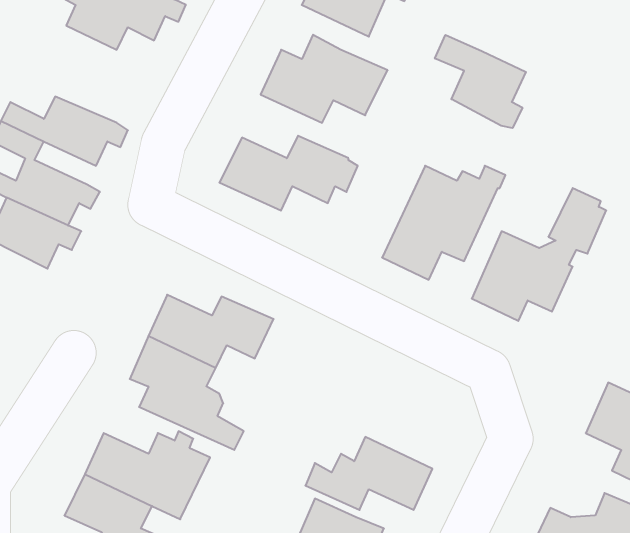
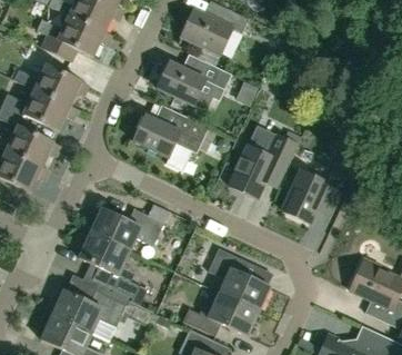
building: [435,35,526,128] -> none
building: none -> [12,63,89,105]
building: none -> [207,247,272,310]

